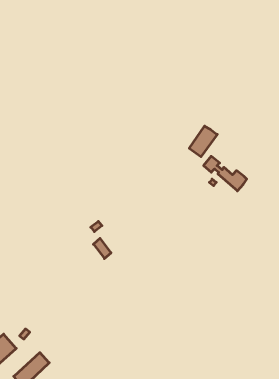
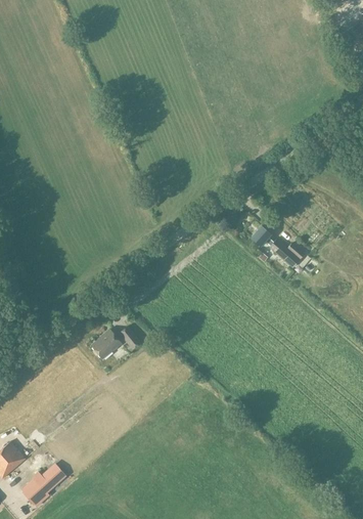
building: [189,126,217,157] -> none
building: none -> [93,328,122,356]

